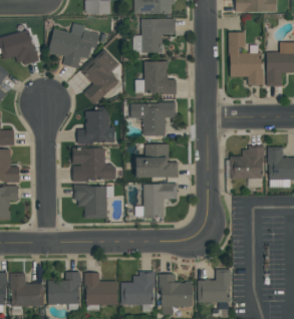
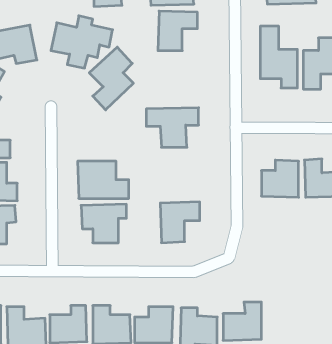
building: [134,61,176,94] -> none
building: [76,111,114,144] -> none
building: [134,144,178,179] -> none

